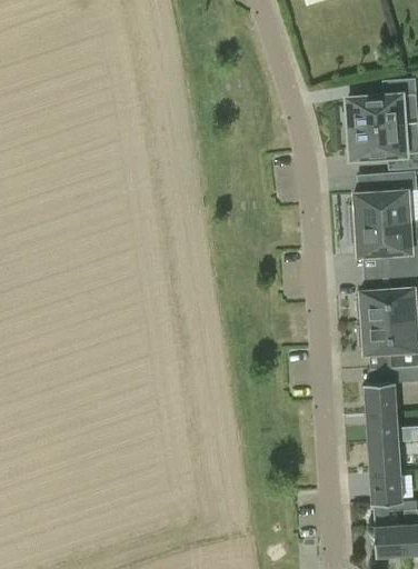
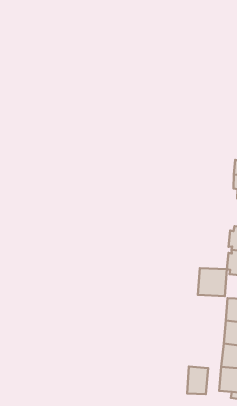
building: none -> [198,268,227,296]
building: none -> [187,366,208,394]

